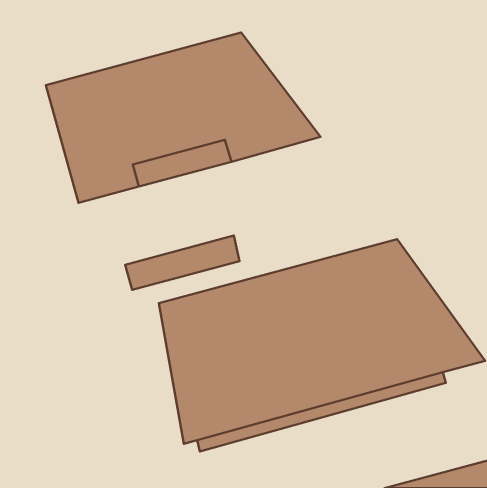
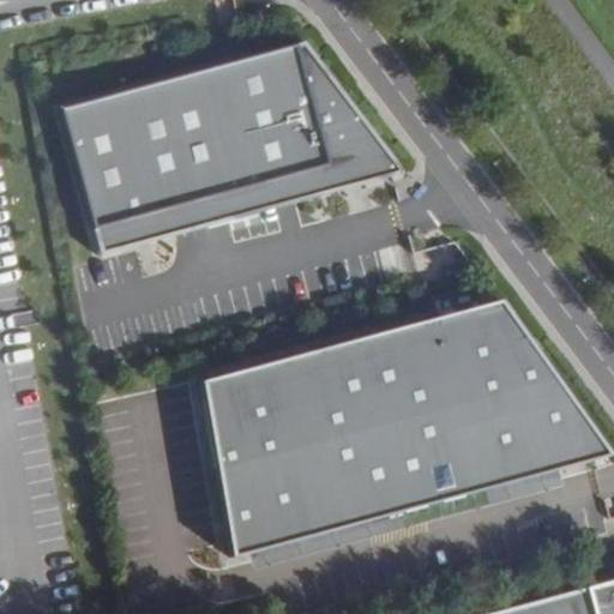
building: [125,236,240,290] -> none

